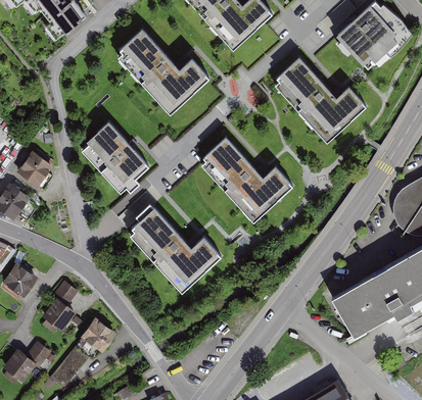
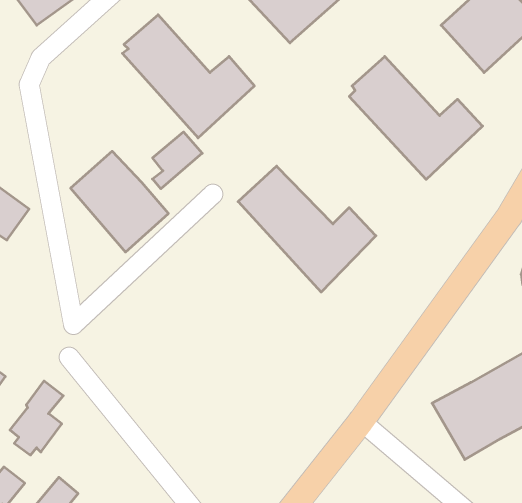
building: none -> [152,132,202,189]
building: [129,207,221,292] -> none
building: [80,317,115,352] -> none

